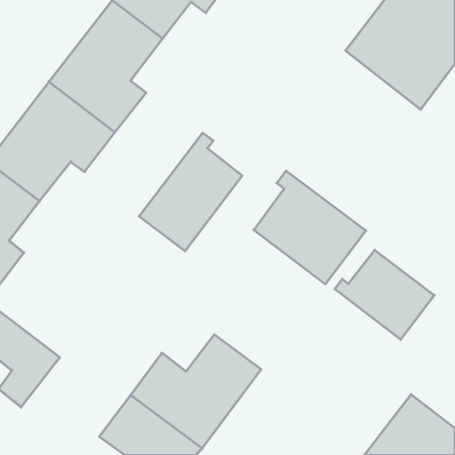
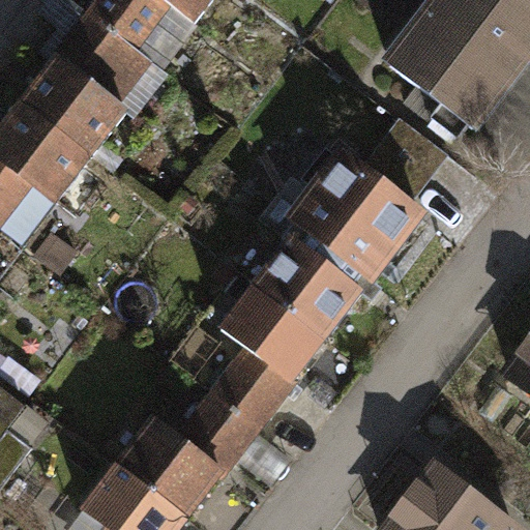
building: none -> [322,123,465,260]
building: [139,133,242,251] -> none
building: none -> [241,259,366,416]
building: [335,250,434,340] -> none

